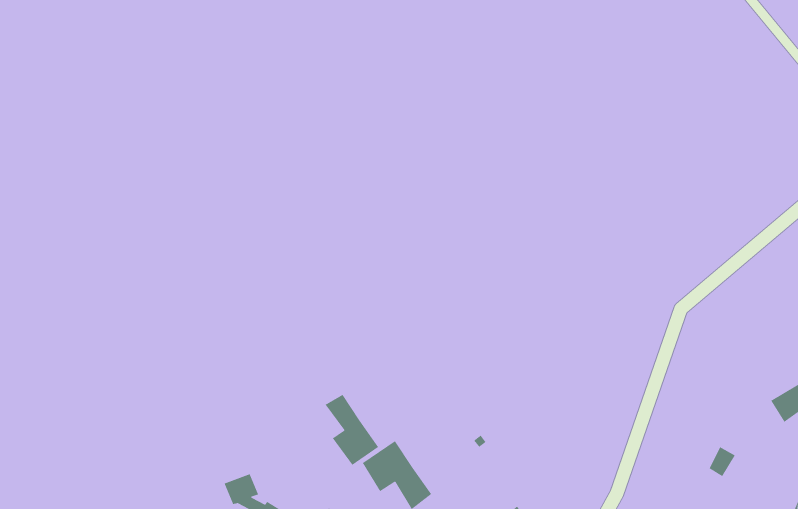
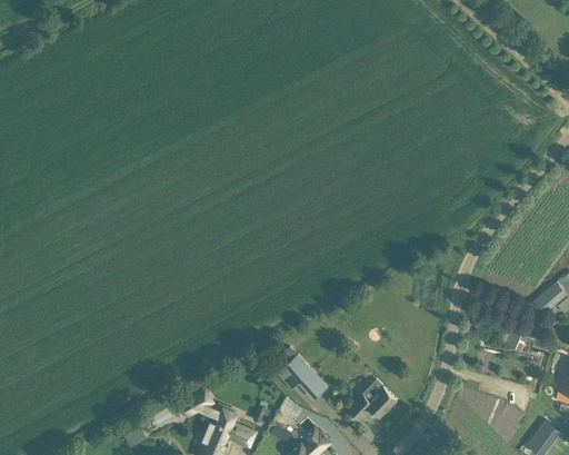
building: [325,394,379,466] -> none

